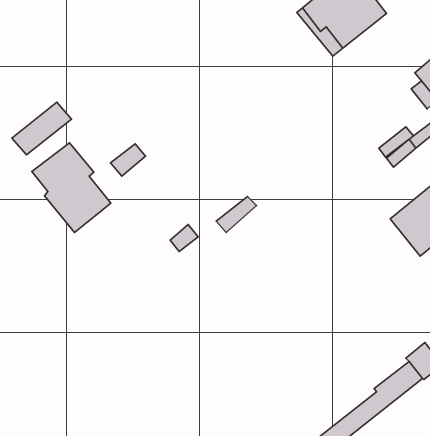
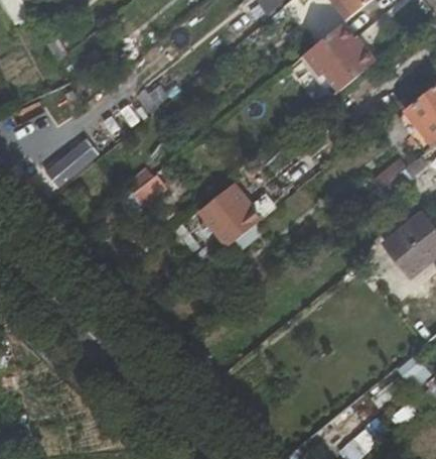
building: [32,143,111,233] -> none
building: none -> [199,184,249,241]

